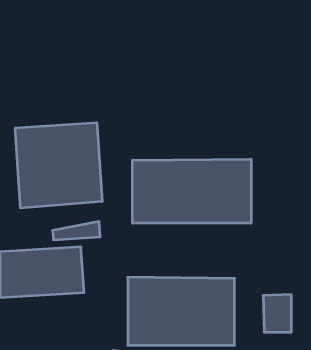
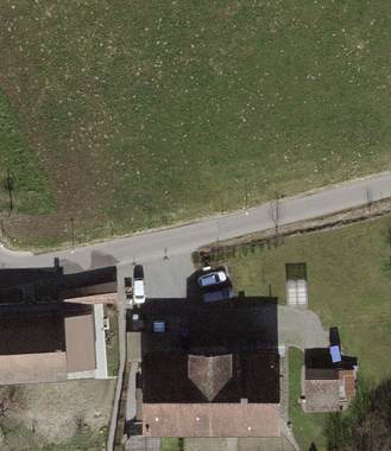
building: [15,123,102,208] -> none
building: [133,159,251,223] -> none

